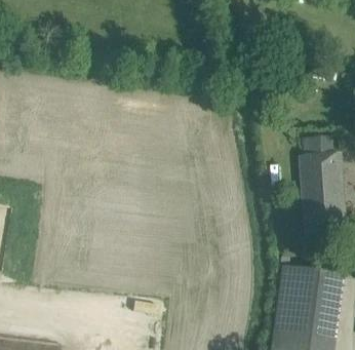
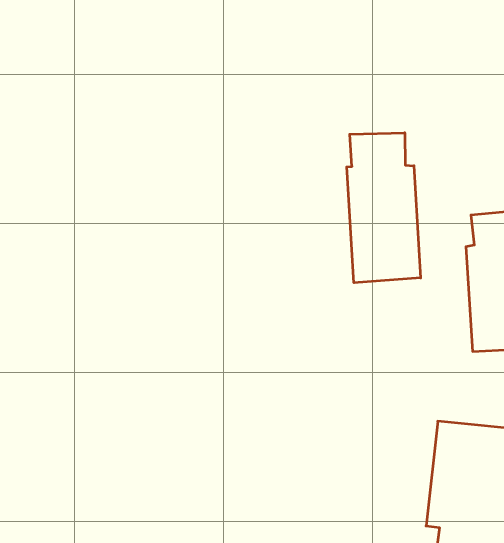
building: none -> [347,133,421,283]

